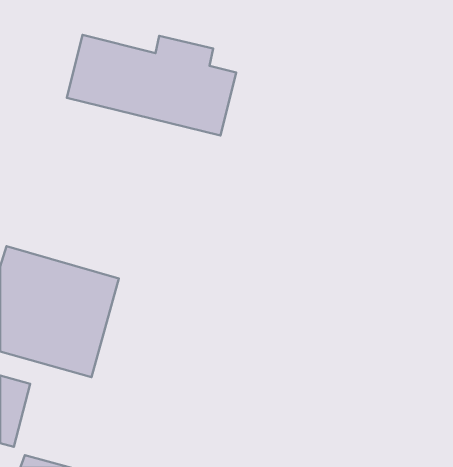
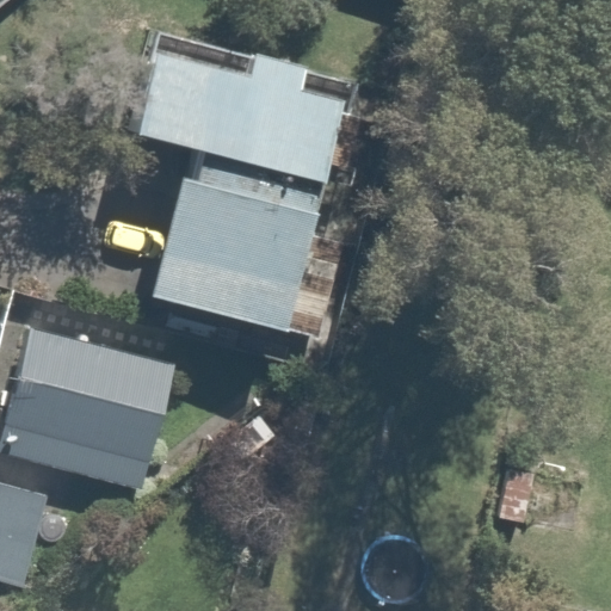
building: none -> [126,148,306,329]

